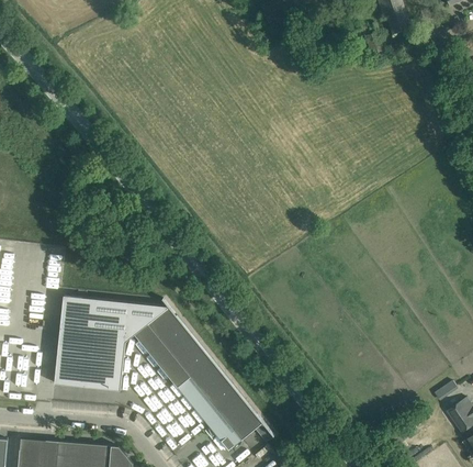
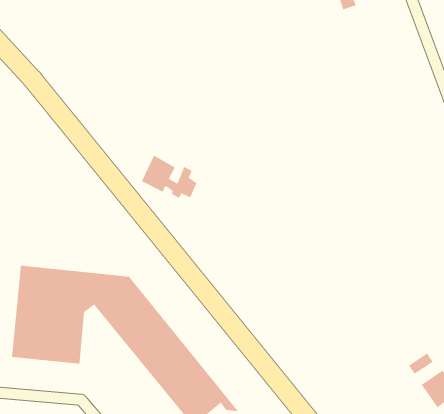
building: none -> [141,155,197,199]

